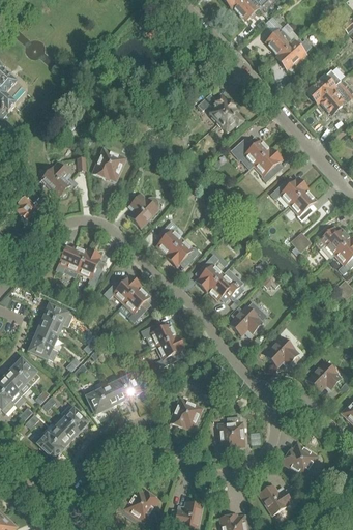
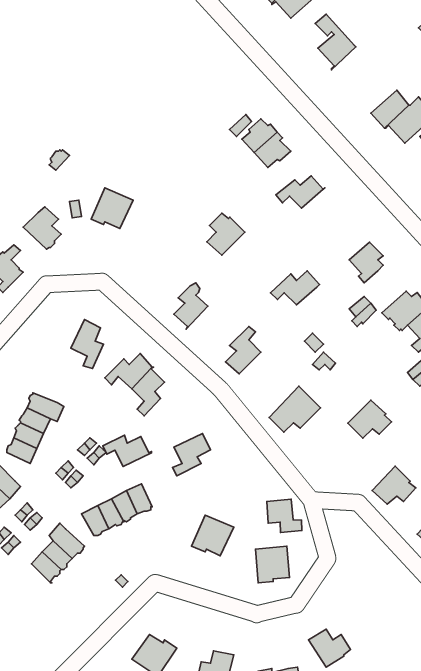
building: [276,39,312,69] -> none
building: [254,149,282,182] -> none
building: [270,178,307,204] -> [271,271,319,305]
building: [128,195,157,227] -> [207,213,245,255]
building: [166,239,199,267] -> none
building: [56,246,86,276] -> none
building: [206,268,243,301] -> none
building: [141,323,178,347] -> [103,435,152,466]
building: [265,337,298,366] -> [348,400,391,438]
building: none -> [267,499,302,532]
building: [34,432,62,463] -> none
building: [282,444,317,476] -> none

